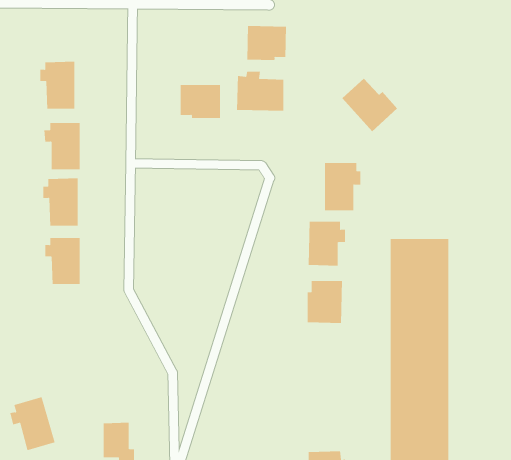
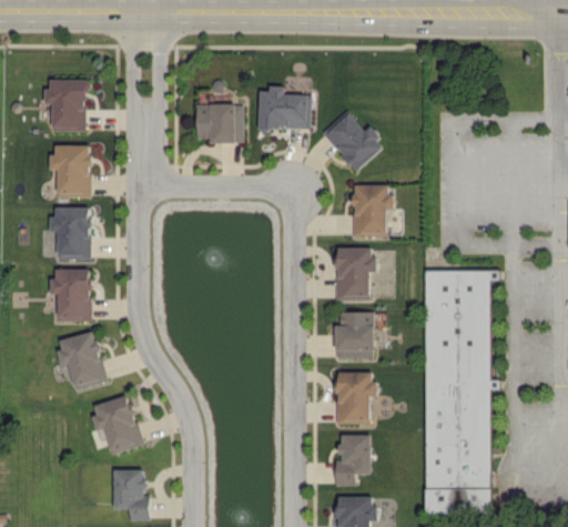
building: [247,25,286,61] -> none
building: [341,78,398,132] -> [324,115,385,174]
building: none -> [57,330,105,388]
building: none -> [336,374,377,427]
building: none -> [335,437,371,488]
building: [9,397,55,451] -> [92,394,142,453]

